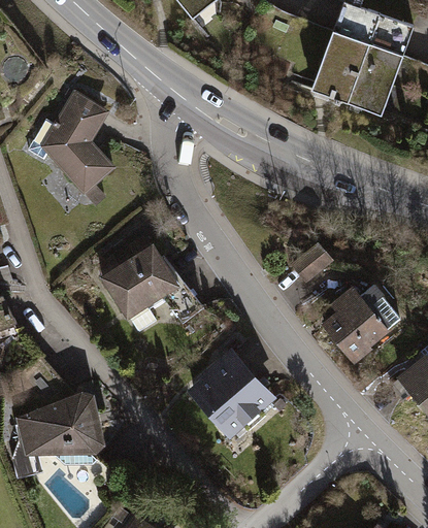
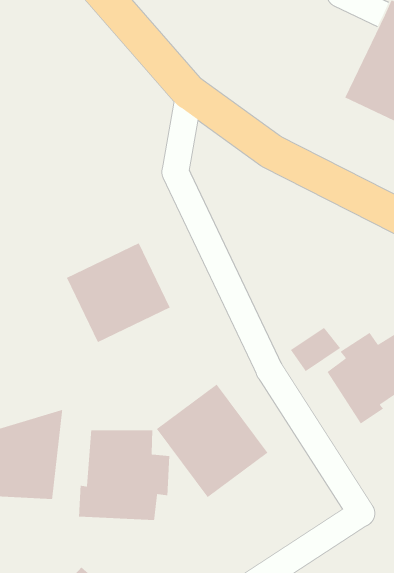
building: [39,91,114,208] -> none
building: [291,244,334,285] -> [290,327,341,372]
building: none -> [78,429,170,521]

